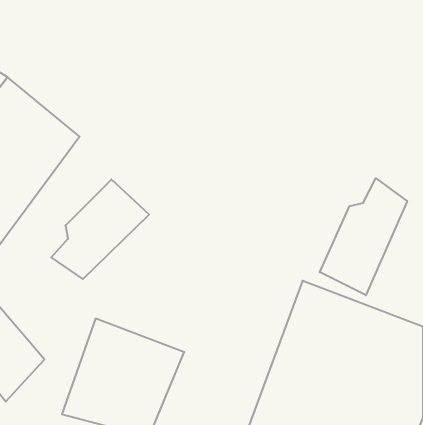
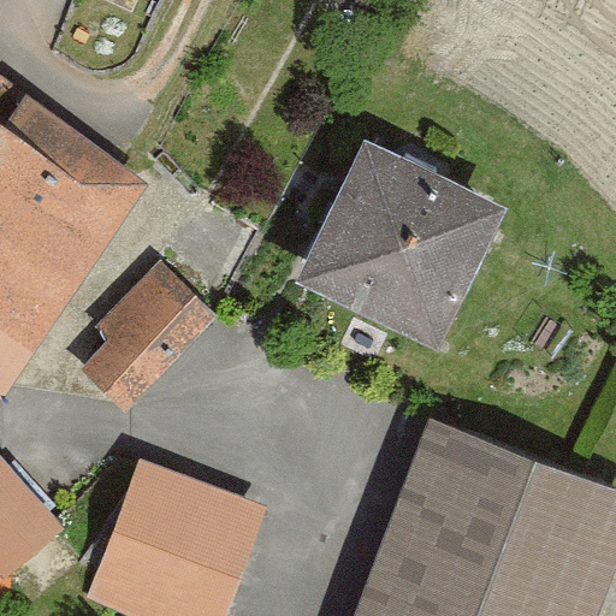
building: none -> [296,138,516,366]
building: [320,178,407,295] -> none

